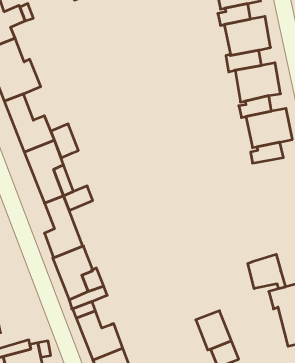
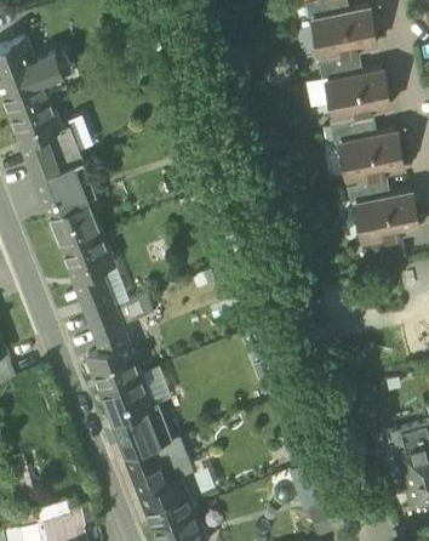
building: [51,124,78,158] -> [59,160,96,205]
building: [248,254,285,289] -> none
building: none -> [151,439,185,482]

